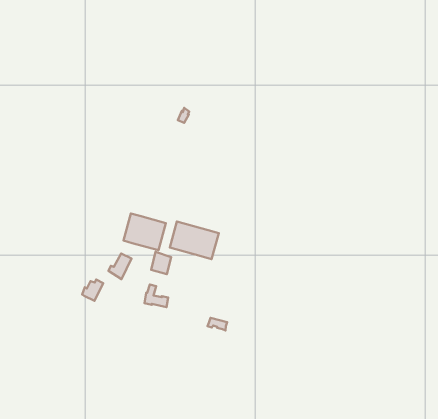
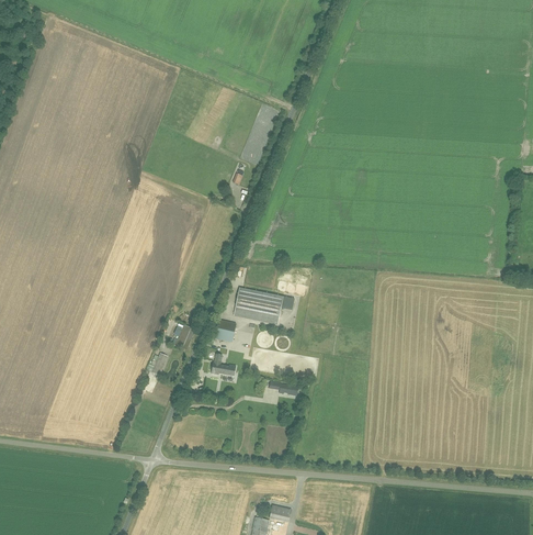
building: [123,213,166,250] -> none

